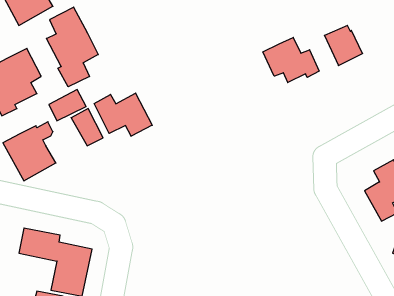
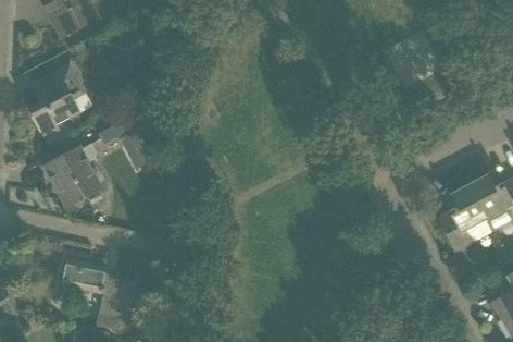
building: [46,7,98,87] -> none
building: [263,37,319,83] -> none
building: [94,93,152,136] -> none

